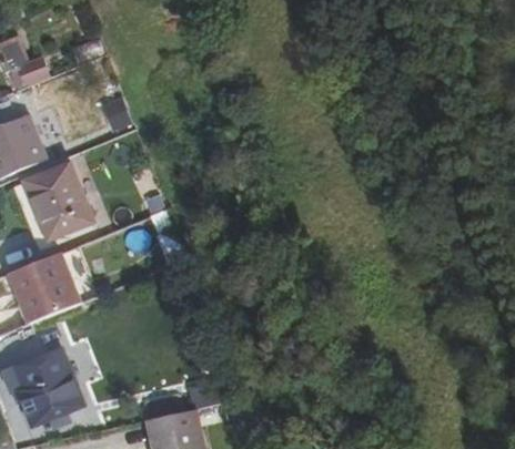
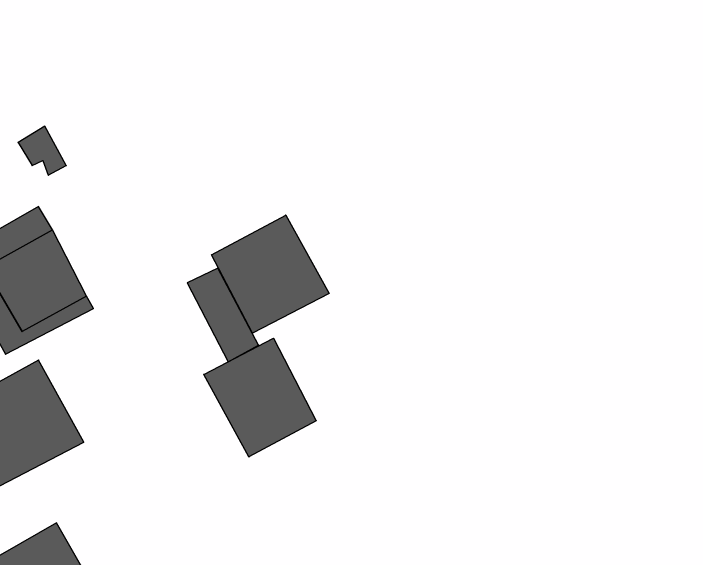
building: none -> [212,215,329,333]
building: none -> [204,338,316,457]

